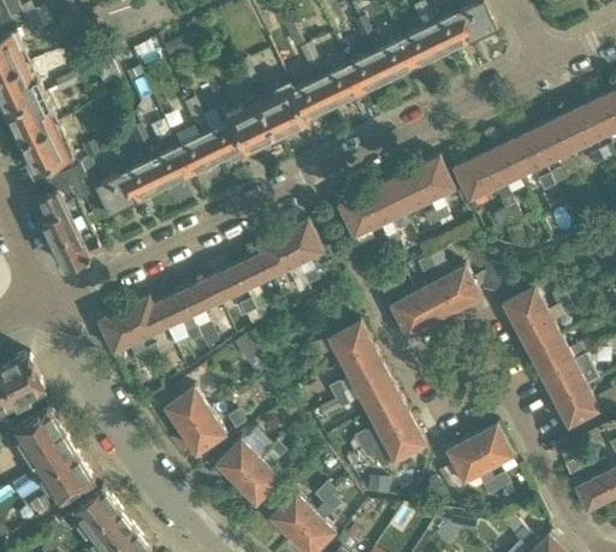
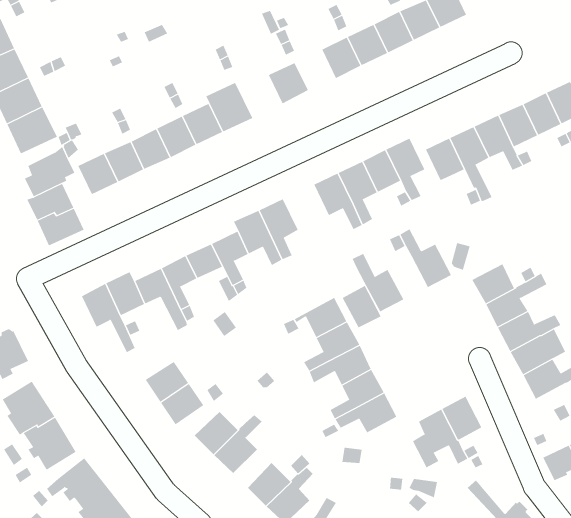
building: [319,65,361,107] -> none
building: [257,83,306,136] -> none
building: [415,279,456,324] -> [342,285,381,328]

